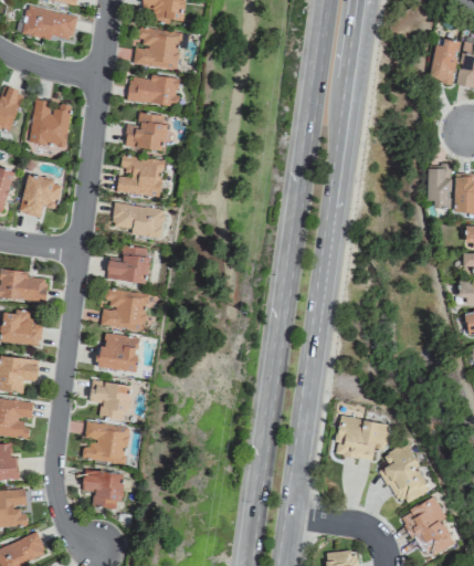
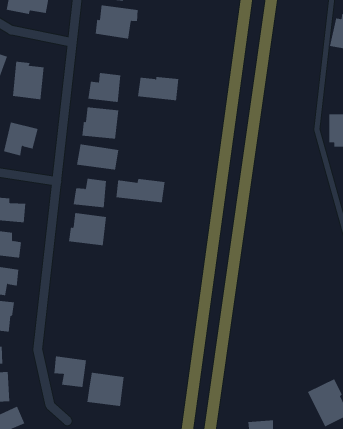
building: [127,75,180,106] -> [137,76,179,101]
building: none -> [116,178,165,203]
building: [96,334,139,370] -> none
building: [89,380,130,419] -> none
building: [334,415,390,461] -> none
building: [82,421,129,464] -> [87,372,124,407]
building: [380,443,431,505] -> none

